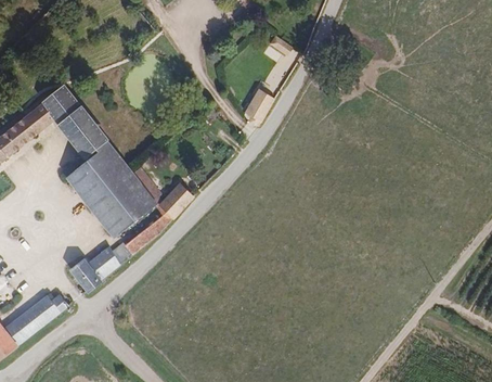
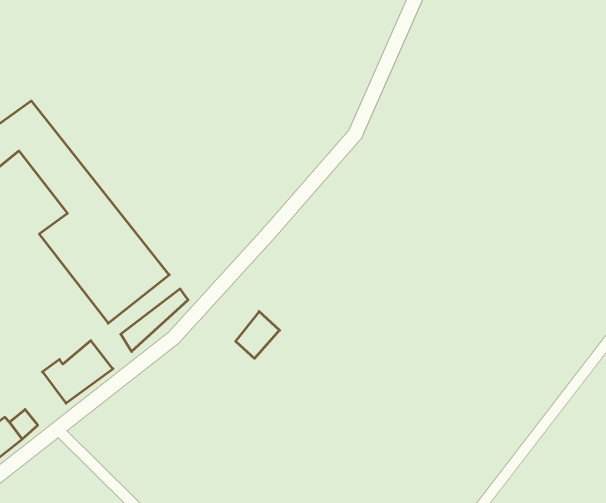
building: [242,89,274,125] -> none
building: [164,182,194,215] -> [236,311,280,358]

